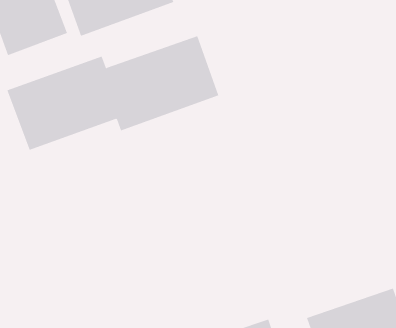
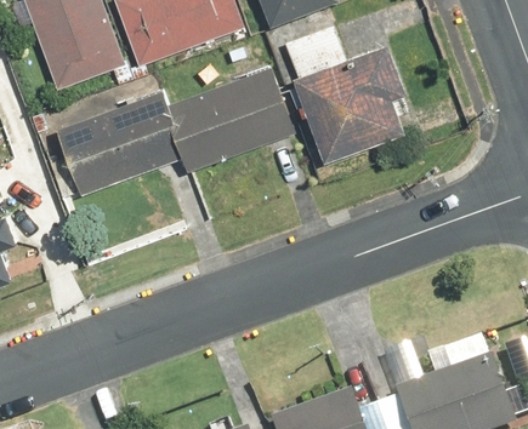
building: none -> [291,45,404,165]

